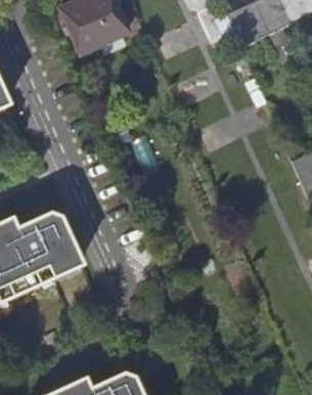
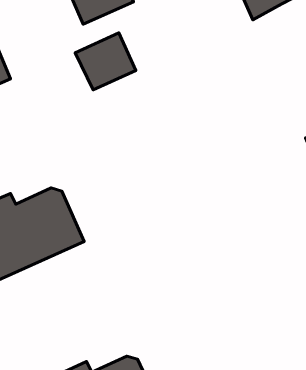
building: none -> [75,33,136,90]

